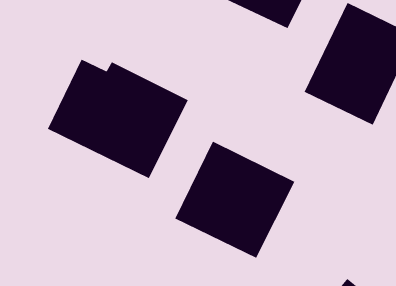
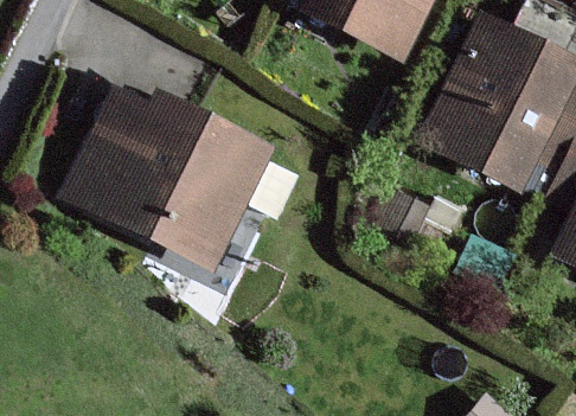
building: [174,141,295,259] -> none

